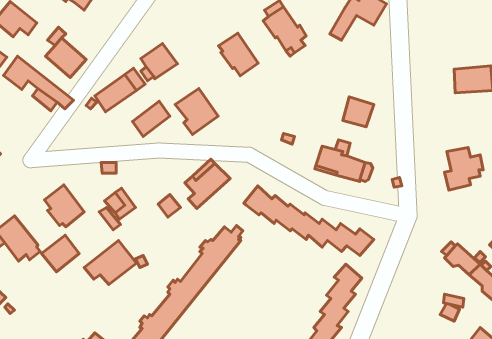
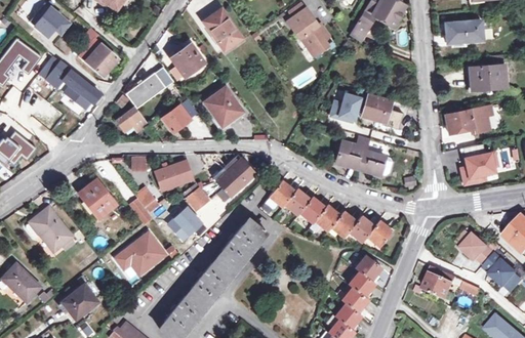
building: none -> [445,19,484,44]
building: [219,33,258,76] -> [203,9,241,50]
building: none -> [331,93,359,122]
building: none -> [116,105,148,131]
building: none -> [445,105,492,134]
building: none -> [154,160,192,189]
building: none -> [167,206,203,242]
building: [42,235,79,272] -> [62,284,97,319]
building: none -> [422,266,454,299]

